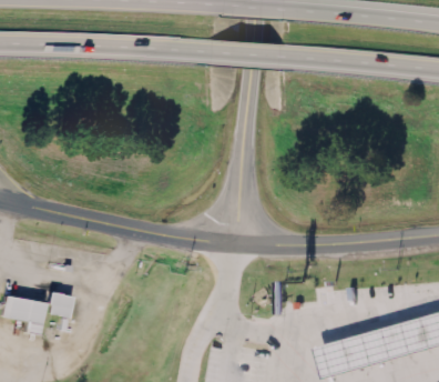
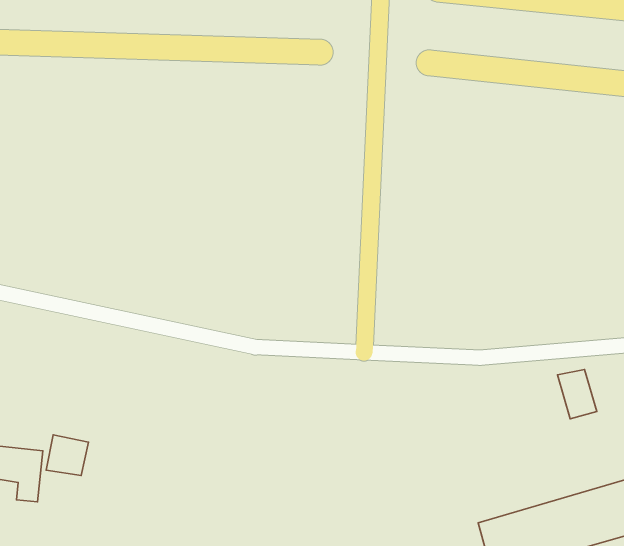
building: none -> [558,370,597,419]

